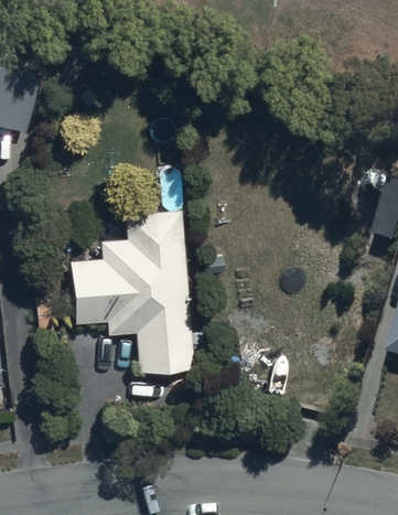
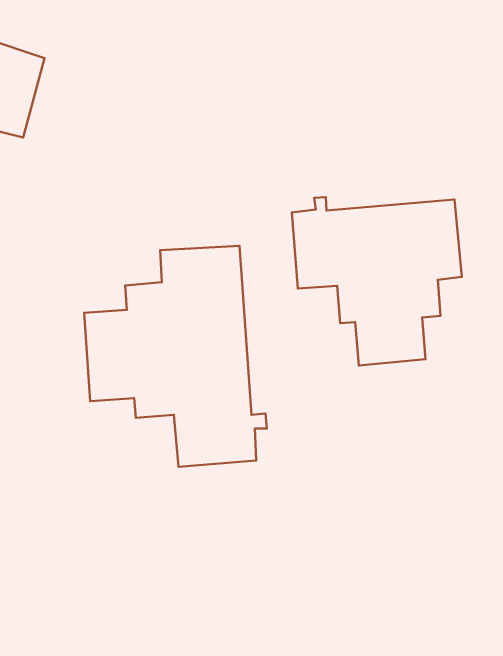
building: none -> [292,197,462,365]

